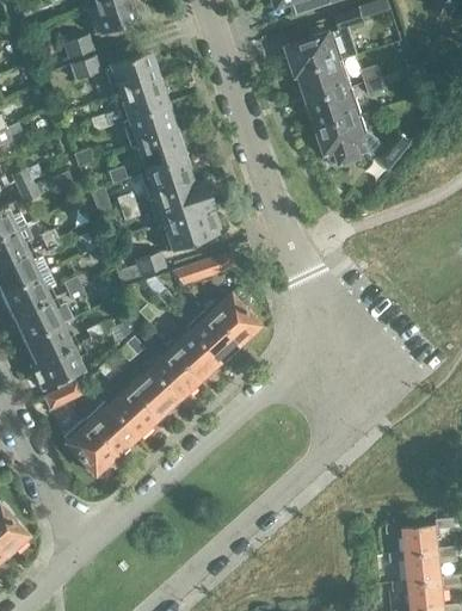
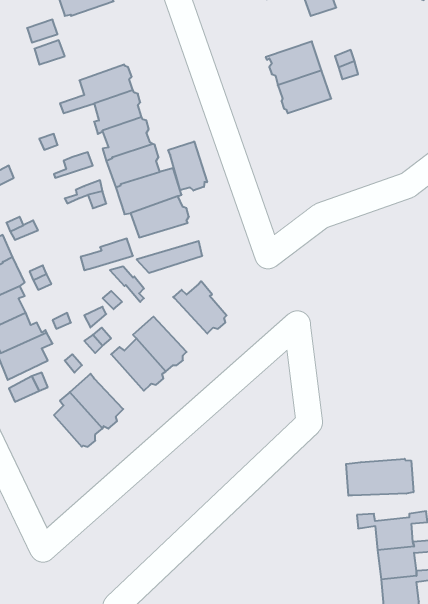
building: [288,31,341,73] -> none
building: [105,53,158,95] -> none
building: [318,113,371,163] -> none
building: none -> [168,141,207,191]
building: [186,309,239,362] -> none
building: [128,364,177,418] -> none
building: [63,418,116,474] -> none
building: none -> [346,459,413,496]

